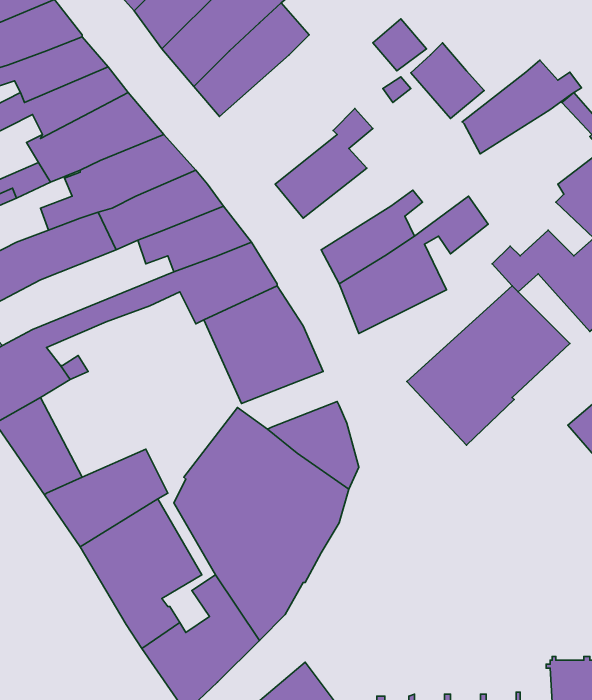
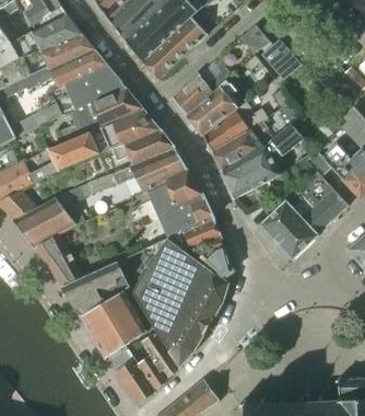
building: [462,60,582,154] -> [202,101,268,152]
building: none -> [173,68,231,116]
building: none -> [166,219,221,251]

